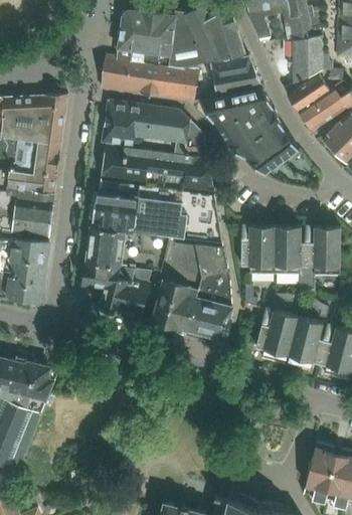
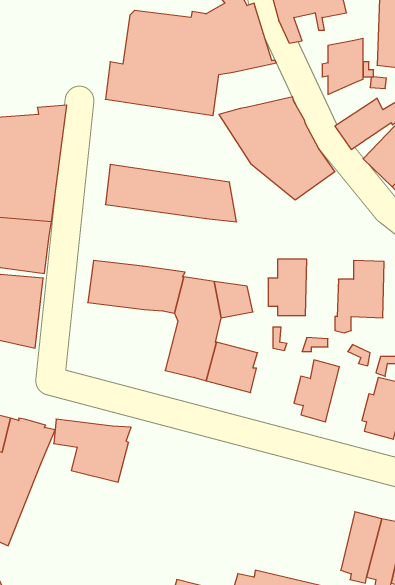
building: [211,56,262,96] -> none
building: [284,72,331,111] -> none
building: [103,101,208,159] -> none
building: [92,178,222,242] -> none
building: [274,225,302,275] -> none
building: [84,263,151,317] -> [54,419,131,482]
building: [196,271,234,307] -> none
building: [291,318,328,370] -> none

